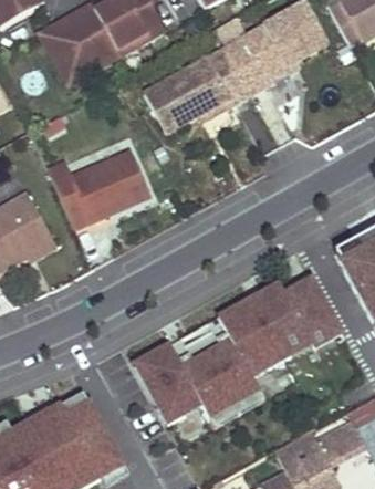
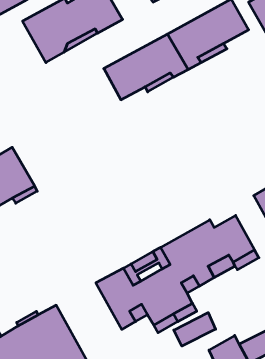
building: [44,145,147,228] -> none
building: none -> [174,313,216,346]

